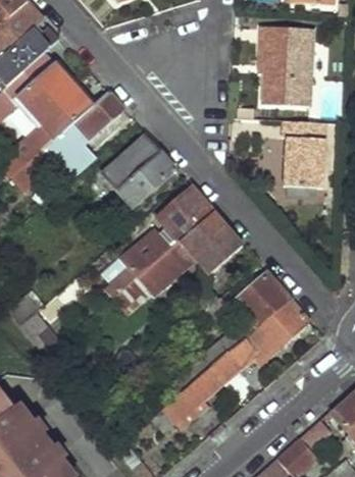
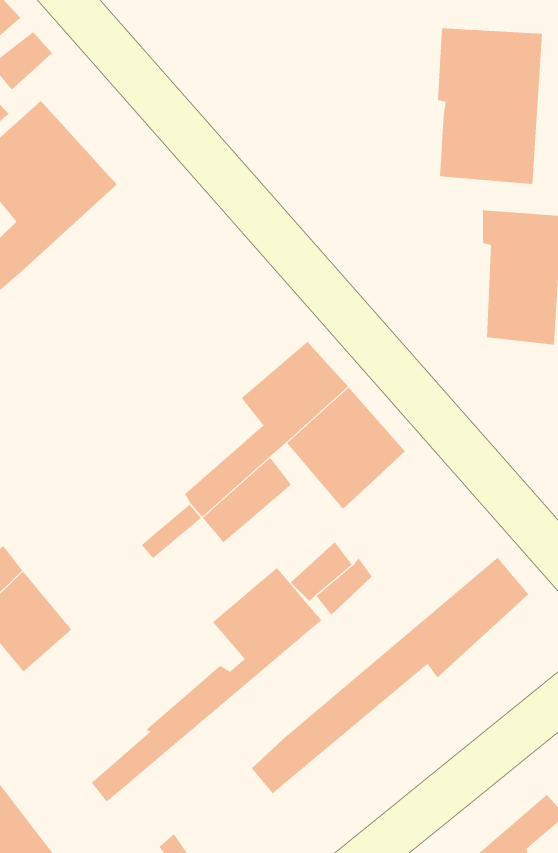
building: [46,93,121,178] -> none
building: [102,136,178,209] -> none
building: [171,272,292,394] -> [91,567,322,802]

